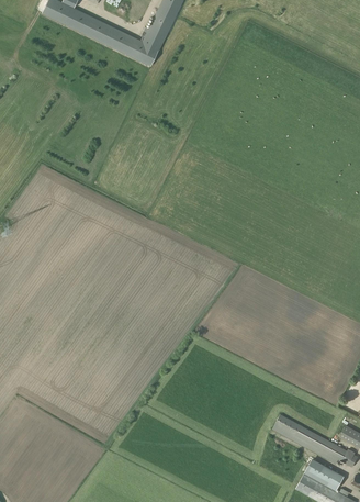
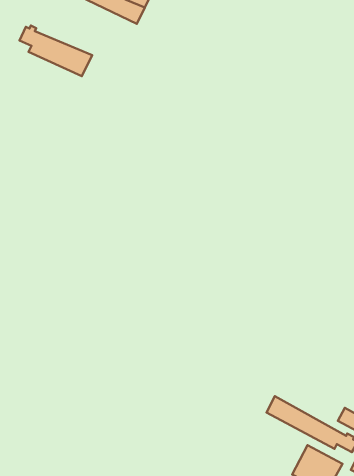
building: none -> [19,26,92,76]

